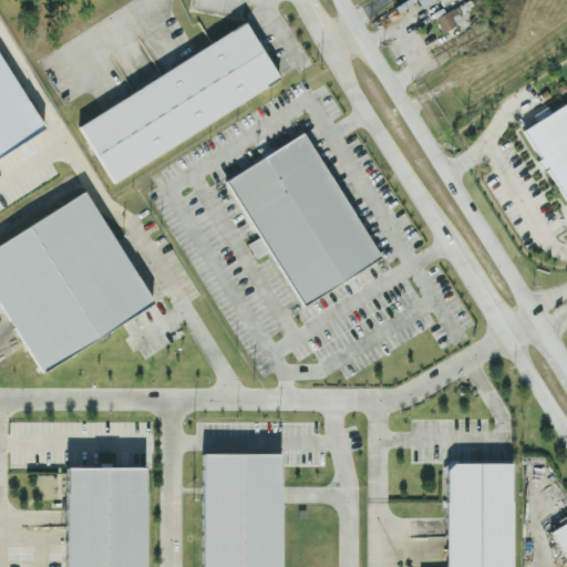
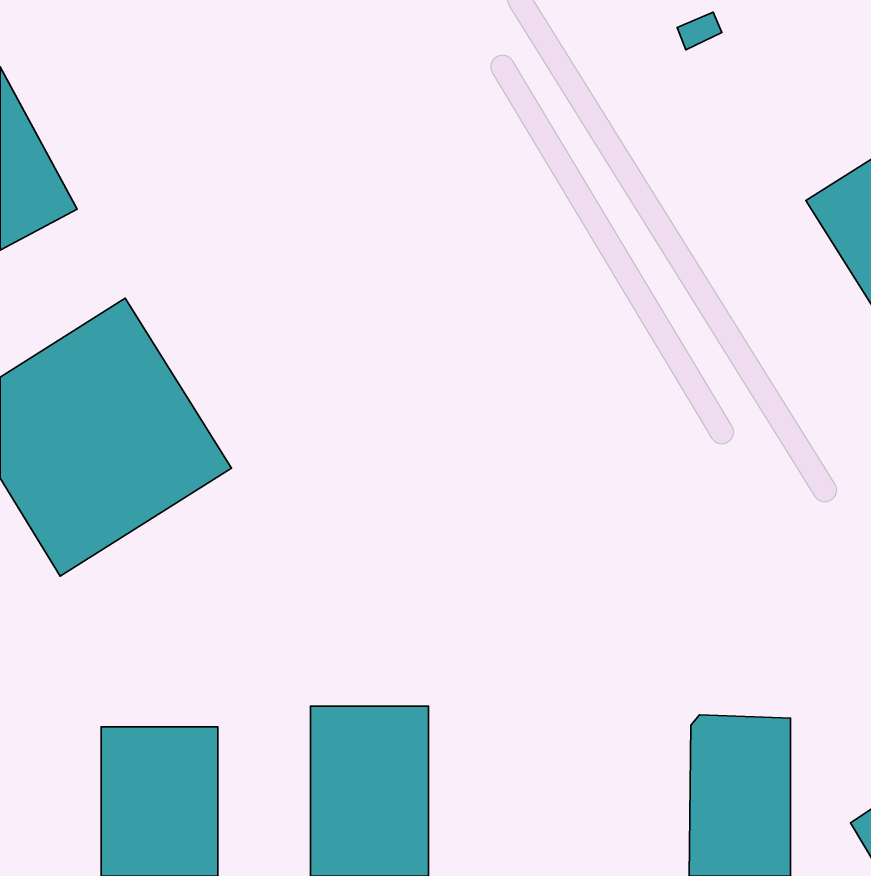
building: [80,23,280,182] -> none
building: [227,133,382,307] -> none

